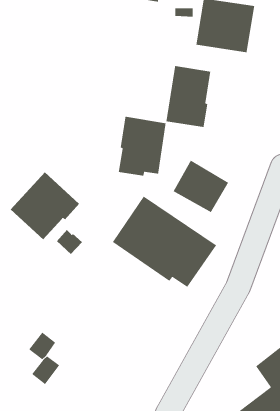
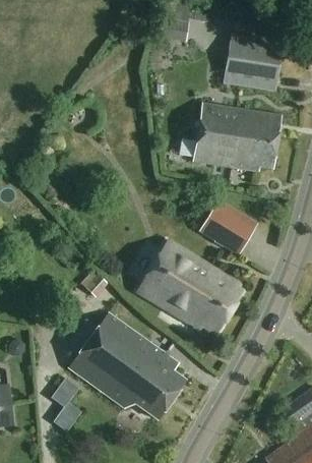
building: [118,116,167,177] -> [232,110,282,172]
building: [10,171,80,240] -> none
building: none -> [69,313,186,421]

